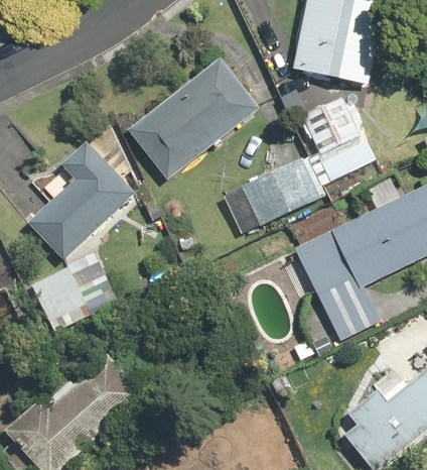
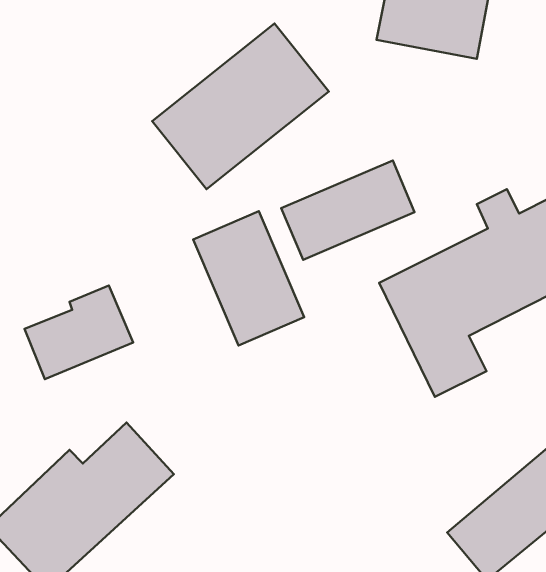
building: [303,97,374,182] -> none
building: [29,142,135,259] -> none
building: none -> [193,211,304,346]

